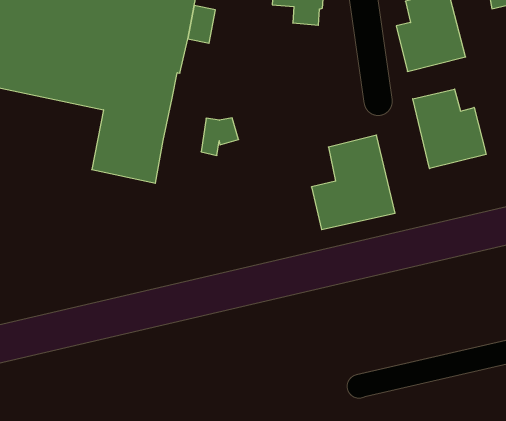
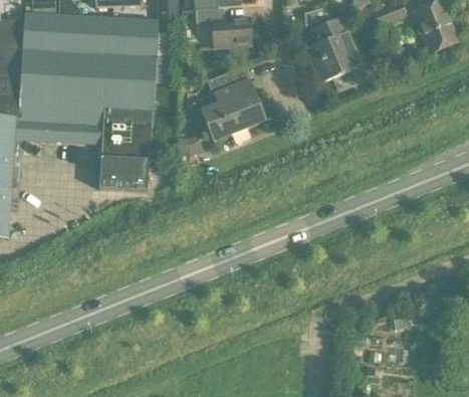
building: [413,89,486,169] -> none
building: [311,135,395,230] -> [201,64,265,140]

